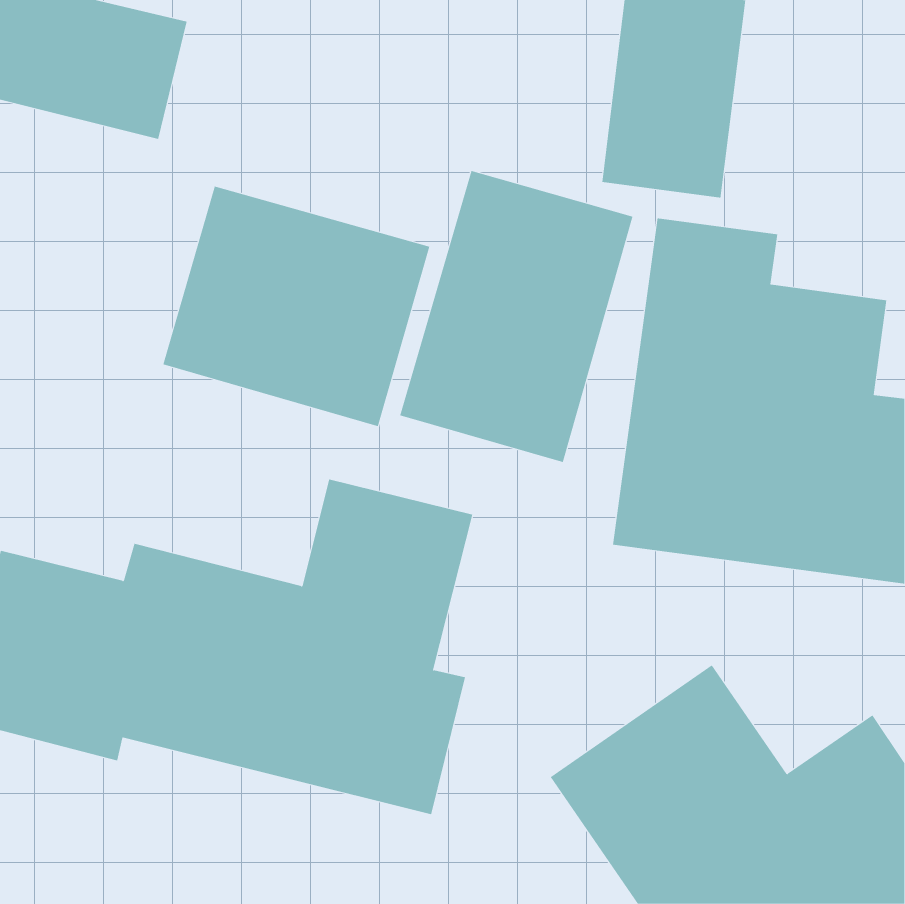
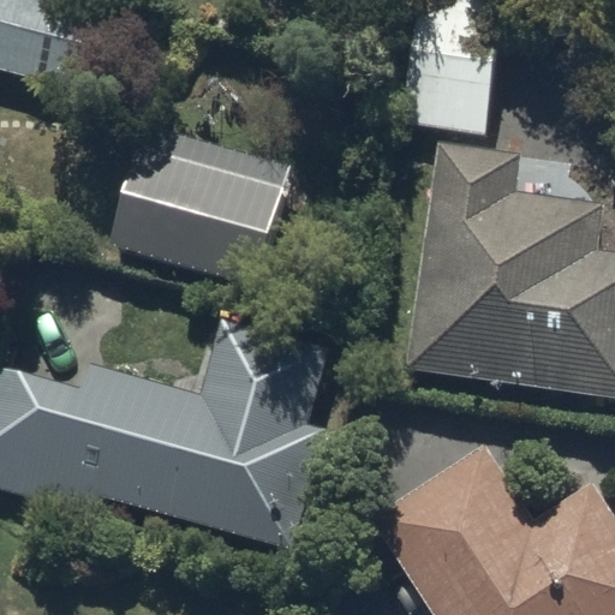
building: [400,170,633,463] -> none

